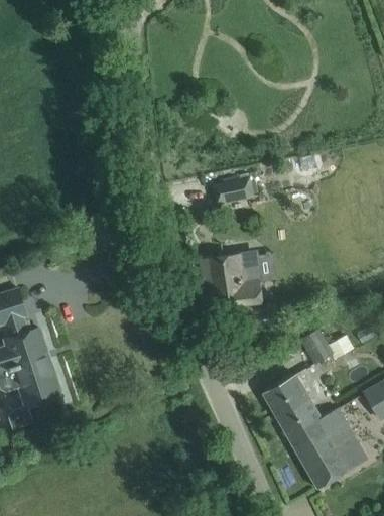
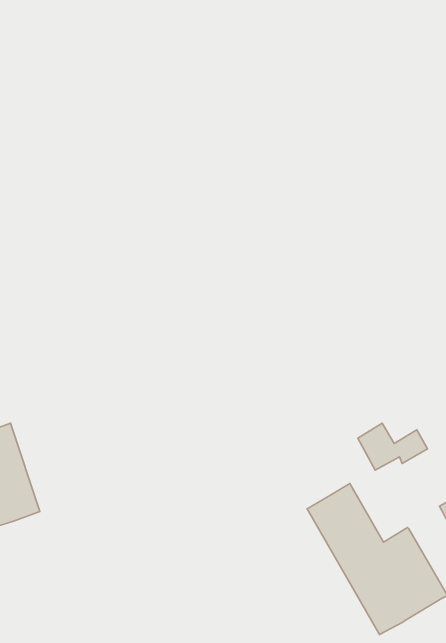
building: [213,177,254,204] -> none
building: [200,252,260,309] -> none

